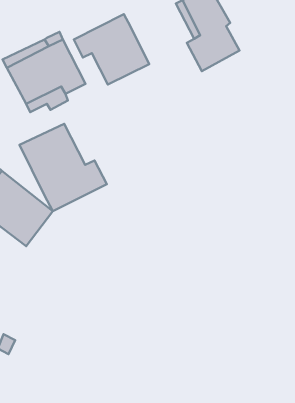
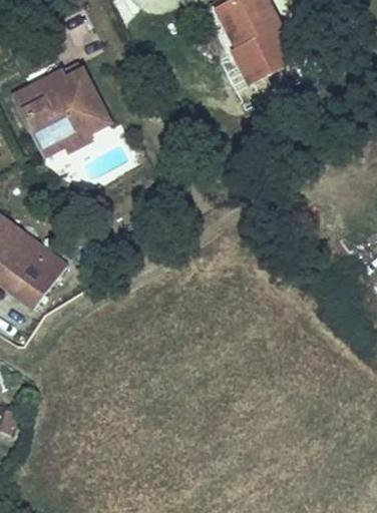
building: [74,14,149,84] -> none
building: [20,124,107,211] -> none

